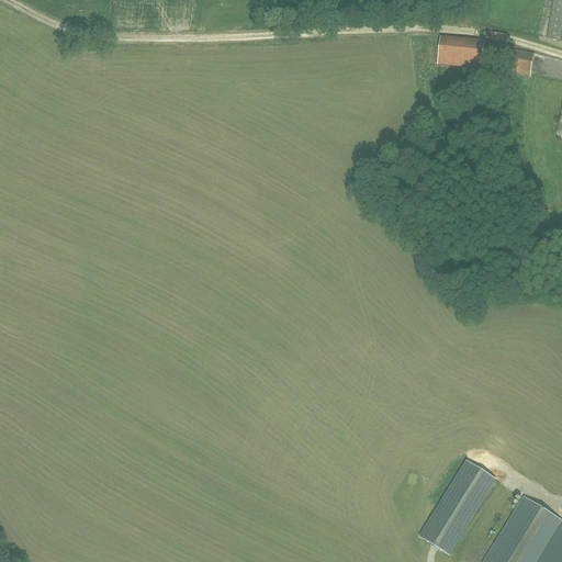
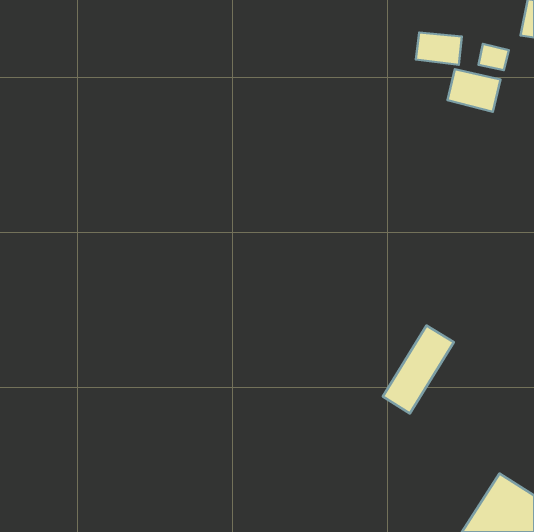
building: none -> [448,69,501,112]
building: [420,461,495,553] -> [383,326,454,413]

